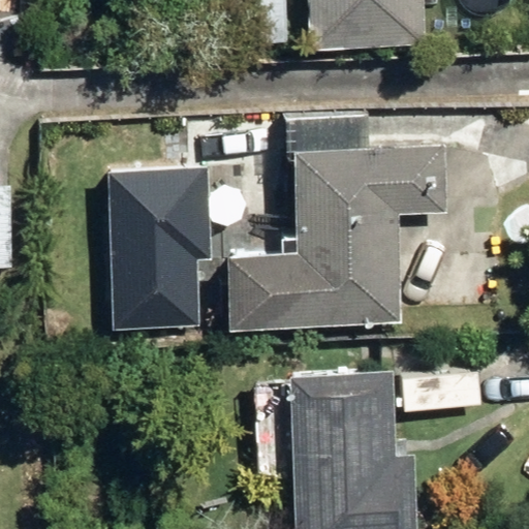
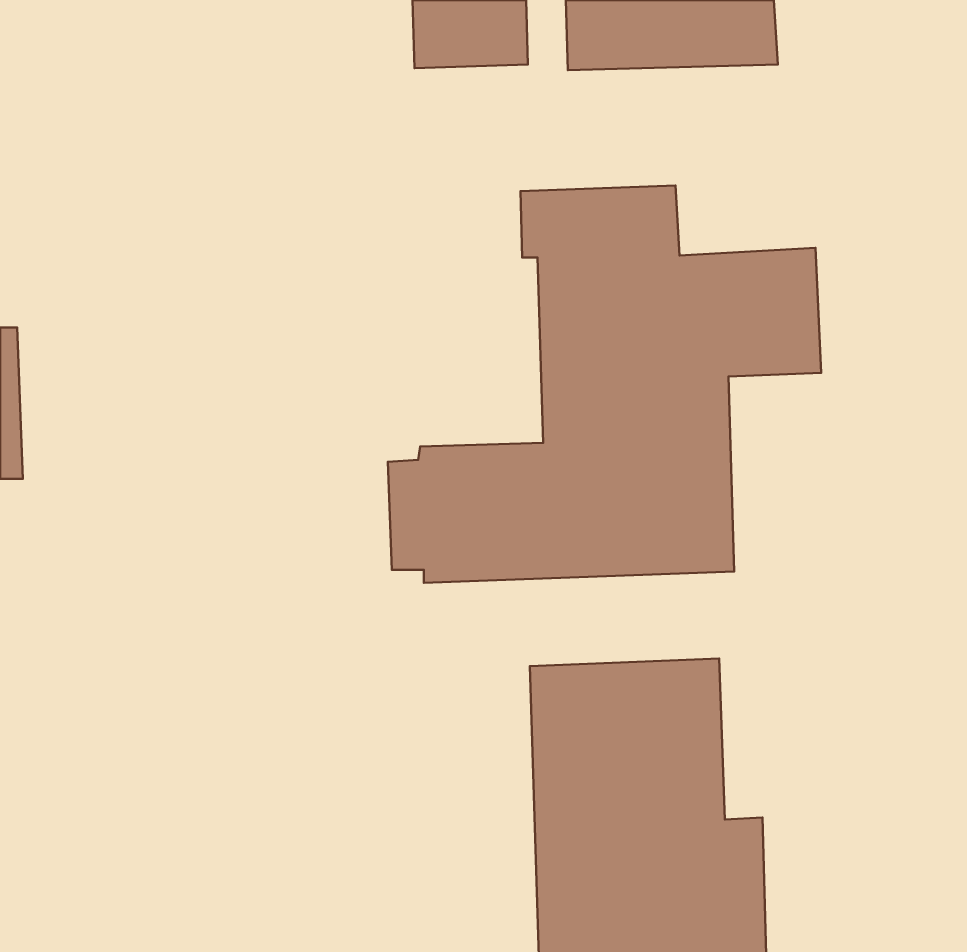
building: [111,179,206,338] -> none

